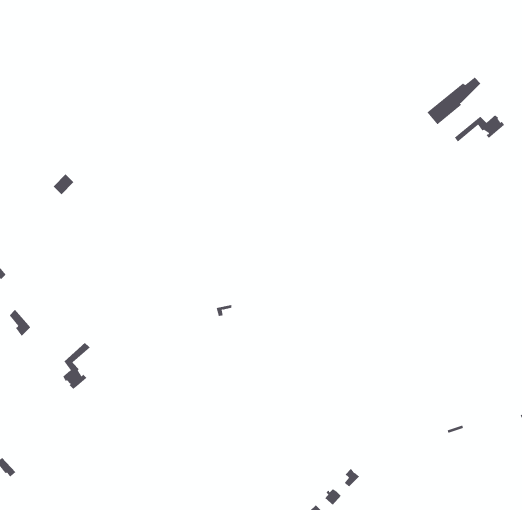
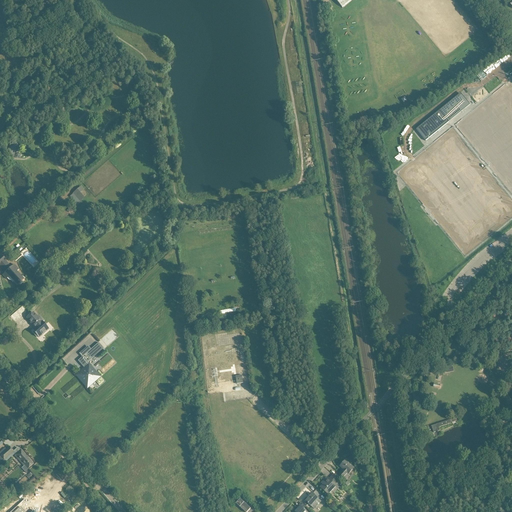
building: [454,115,505,143] -> none

